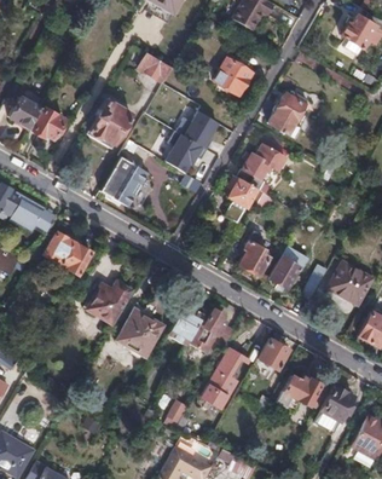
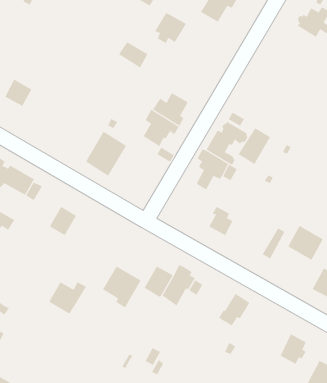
building: [214,58,251,94] -> [154,12,187,44]
building: [268,91,306,133] -> [238,128,271,165]
building: [87,98,129,145] -> none
building: [31,104,64,135] -> none
building: [41,230,73,262] -> none
building: [268,255,305,287] -> none
building: [88,283,132,321] -> [49,282,87,315]
building: [201,348,242,408] -> none
building: [277,374,320,406] -> none

